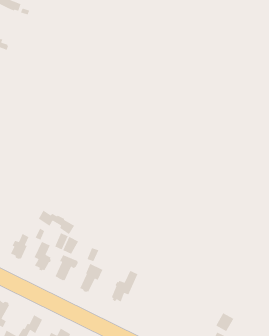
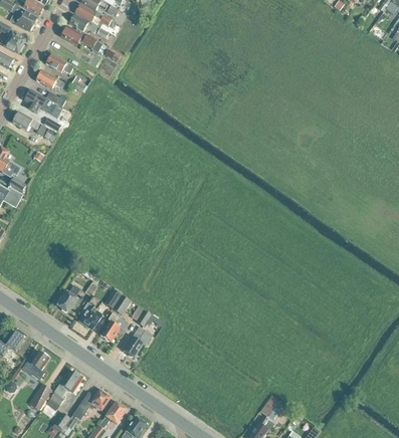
building: [38,209,75,235] -> none
building: [111,270,139,303] -> none

